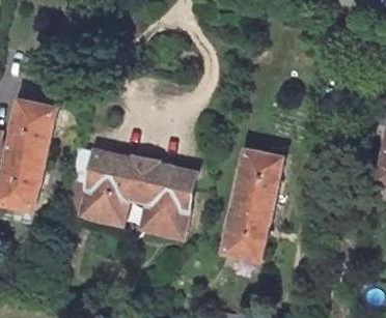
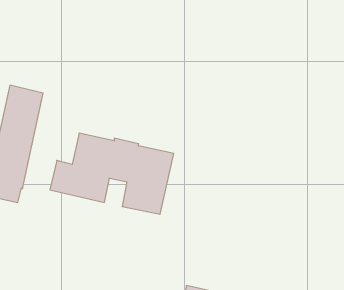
building: [221,150,279,259] -> none

